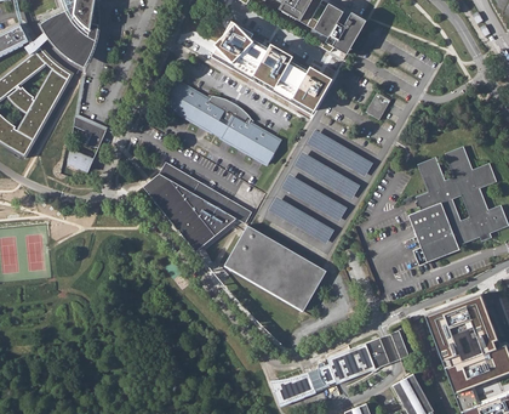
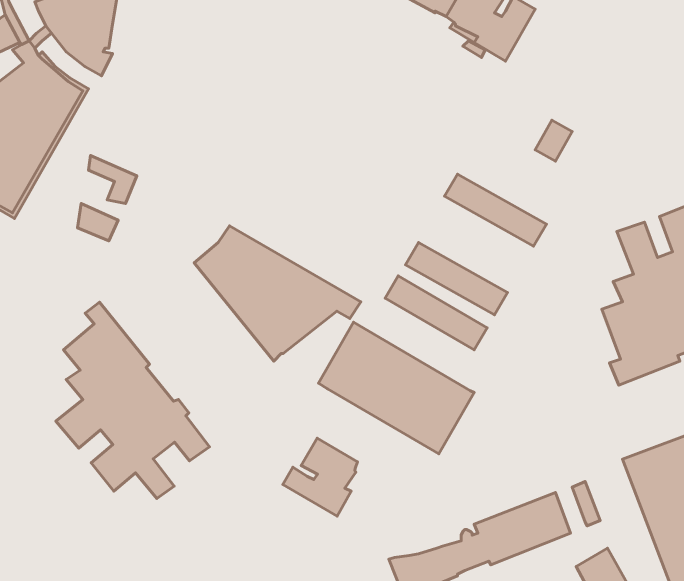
building: [213,22,332,110] -> none
building: [165,81,281,165] -> none
building: [294,151,361,199] -> none
building: none -> [56,302,210,498]
building: none -> [283,438,358,516]

